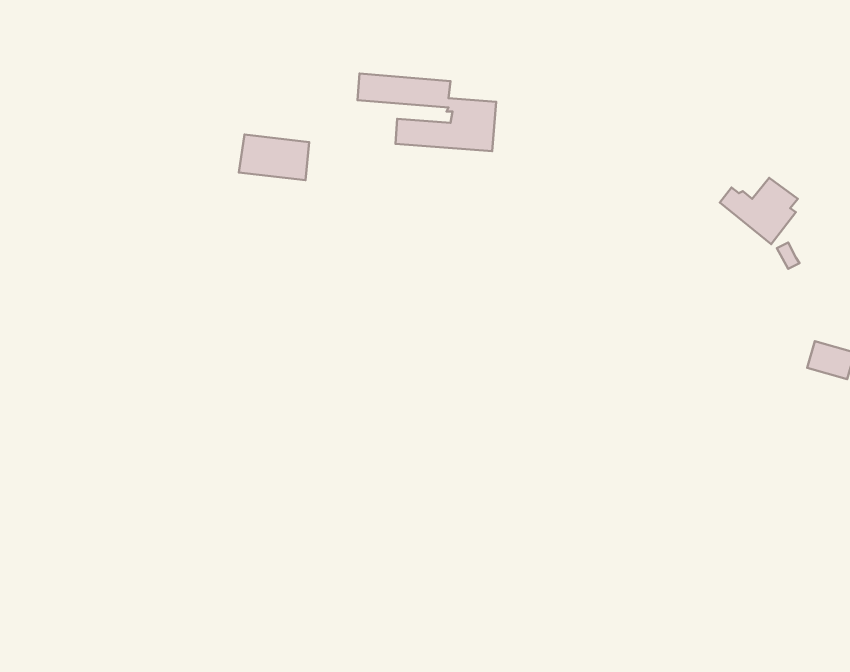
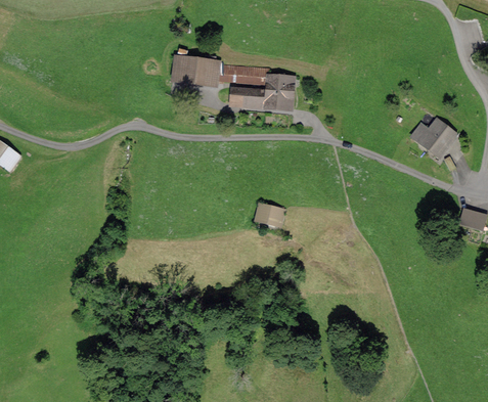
building: [239,134,309,180] -> [177,59,215,84]
building: none -> [257,206,284,226]

